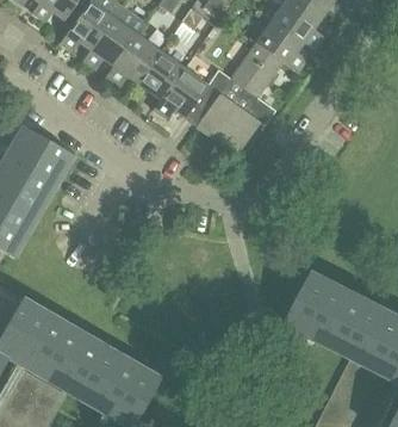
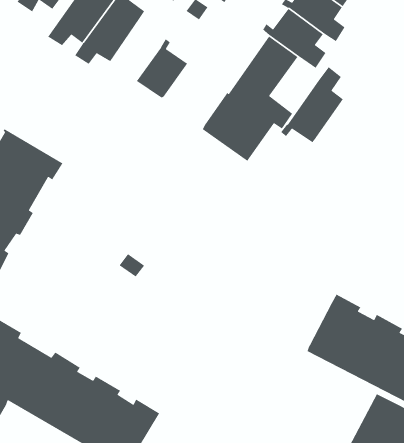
building: [107,27,160,85] -> none
building: [153,67,218,120] -> none
building: none -> [280,66,344,143]

